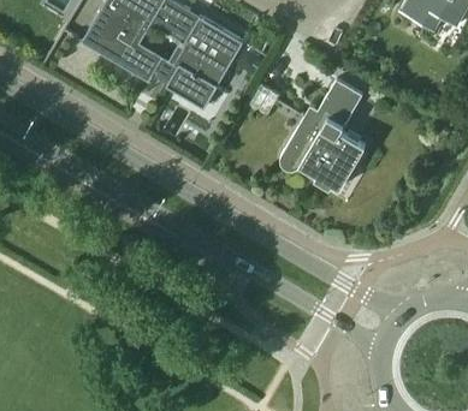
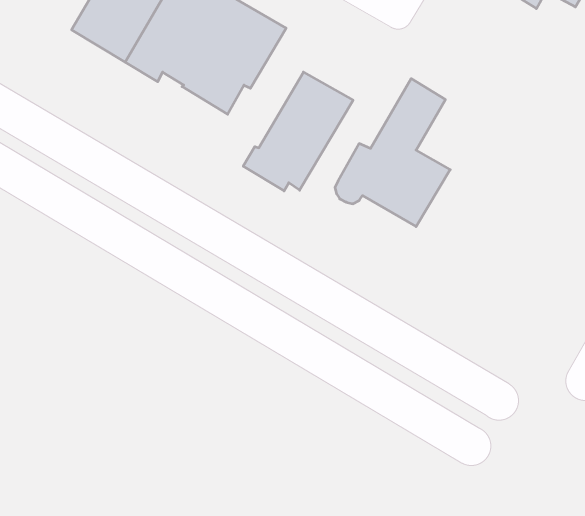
building: none -> [243,72,353,191]

